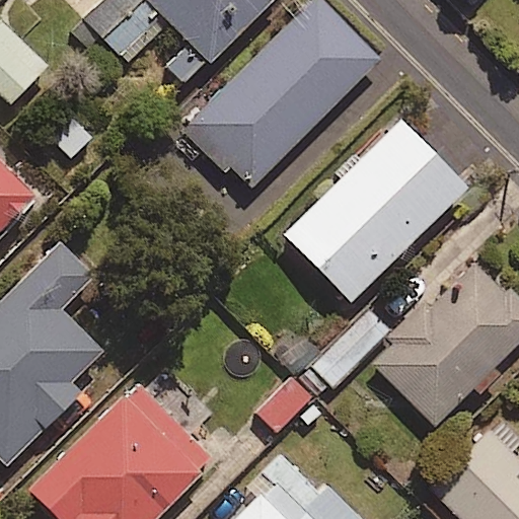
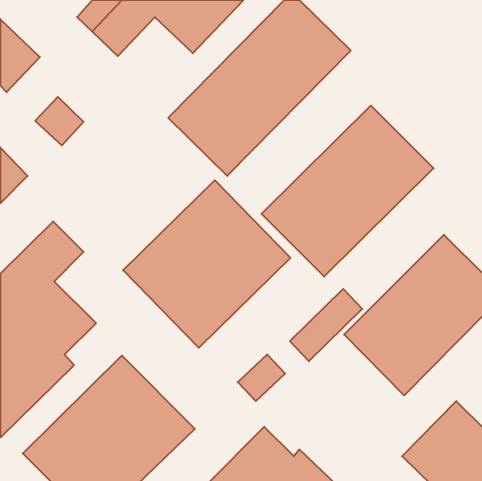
building: none -> [123,180,290,348]

